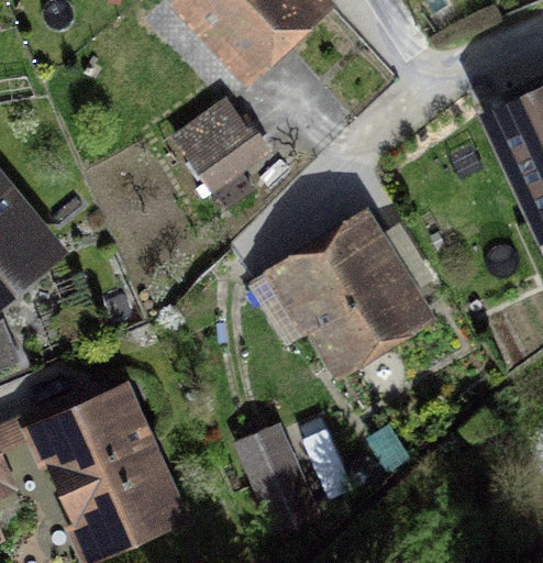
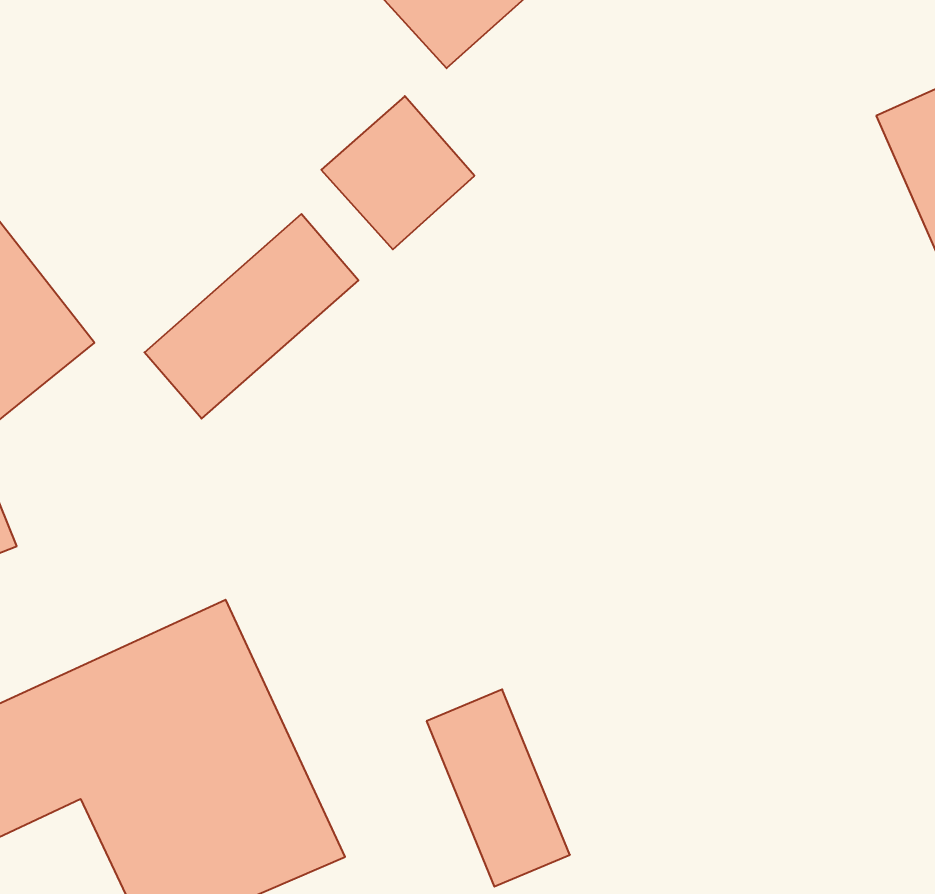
building: none -> [144,214,358,419]
building: [269,212,435,380] -> none

